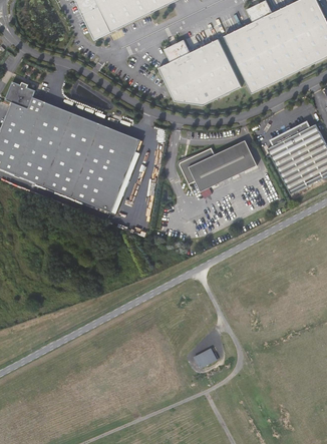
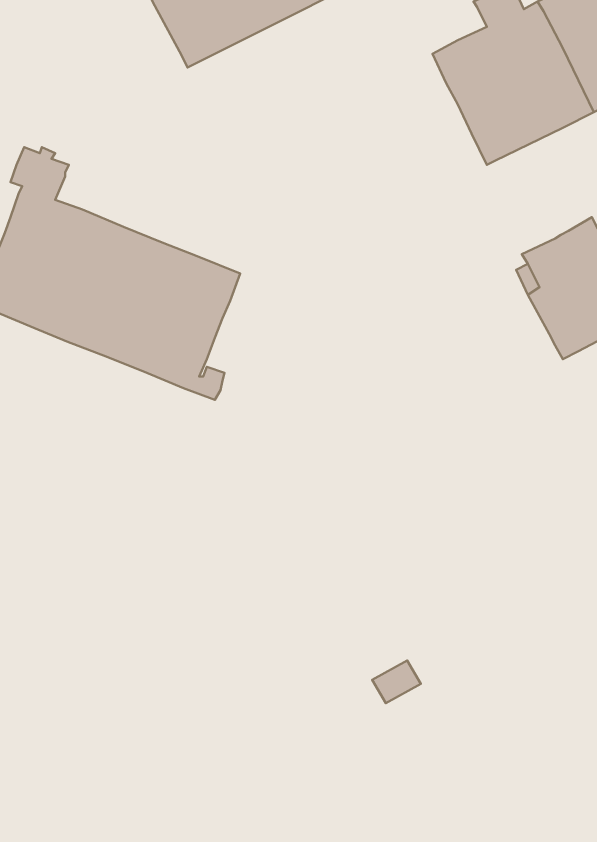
building: [158,38,241,104] -> none
building: [29,98,140,201] -> none
building: [178,139,256,191] -> none

